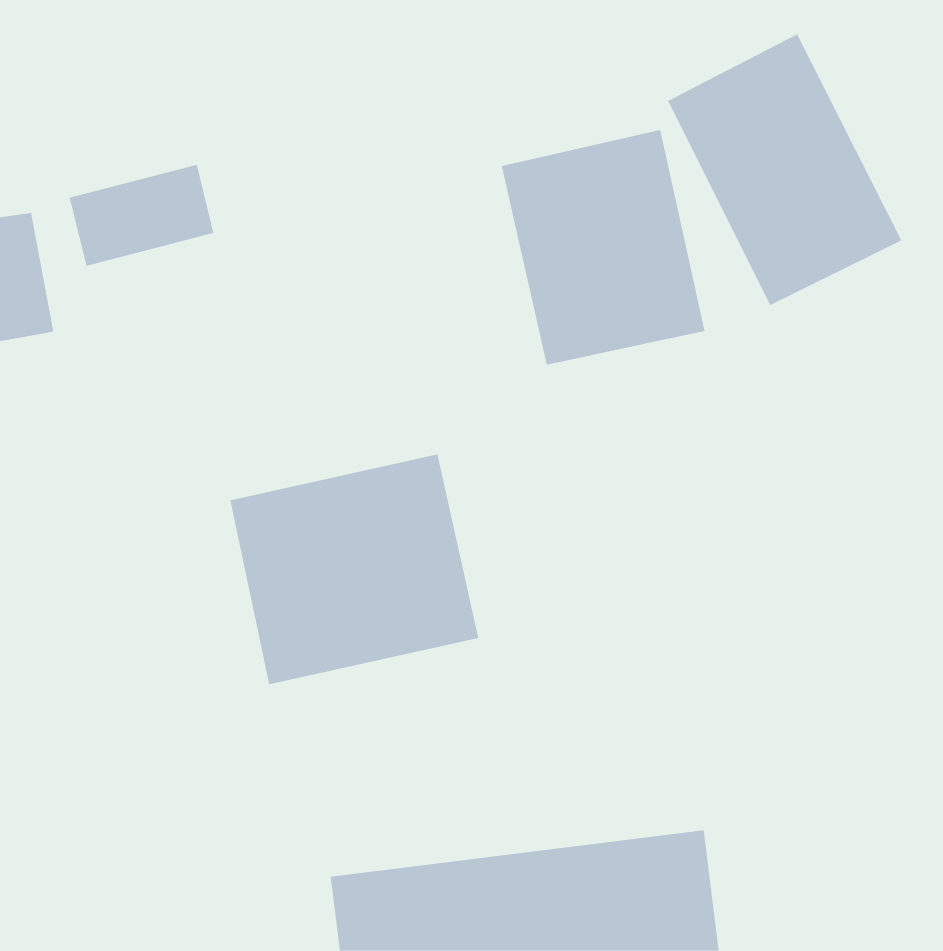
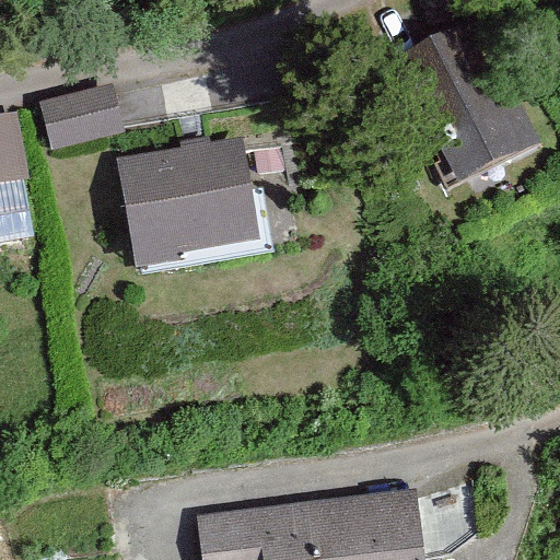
building: [501,129,705,366] -> none
building: [229,454,479,685] -> [119,142,266,278]

